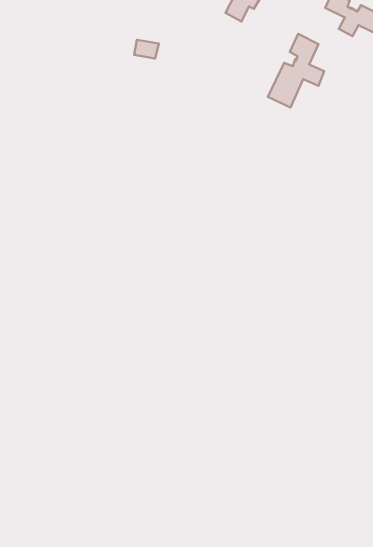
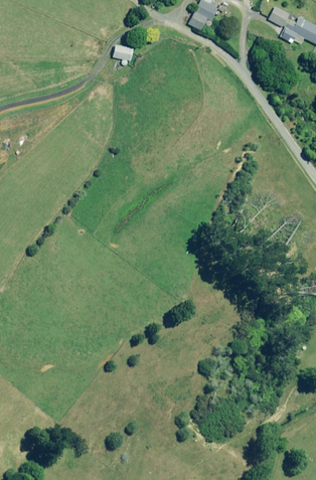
building: [268,34,324,107] -> none

